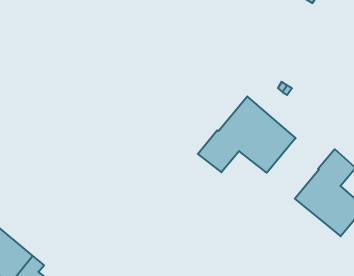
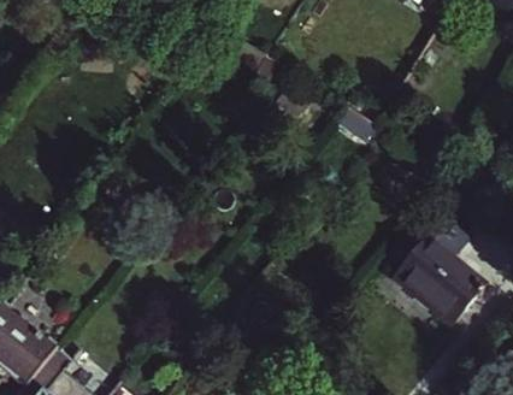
building: [198,96,296,173] -> none

